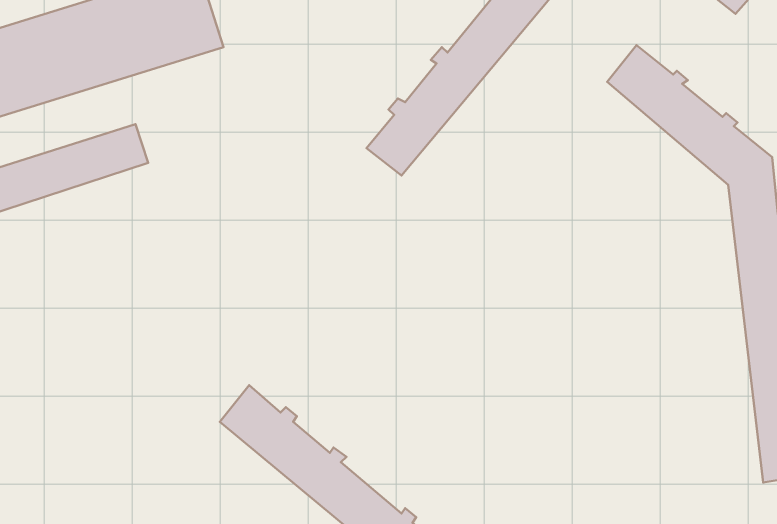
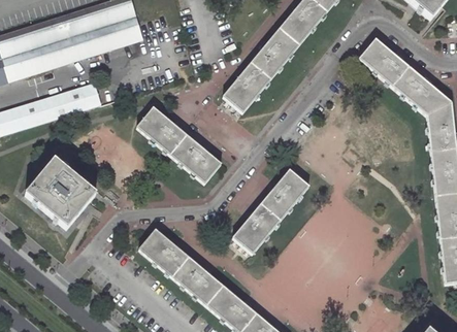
building: none -> [139,107,224,185]
building: none -> [27,160,97,230]
building: none -> [232,170,308,255]

